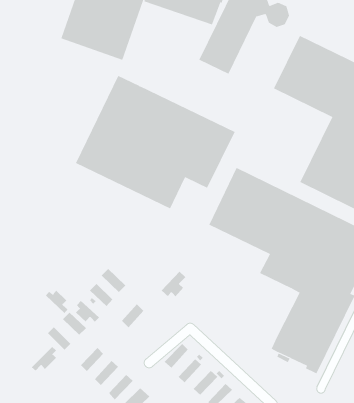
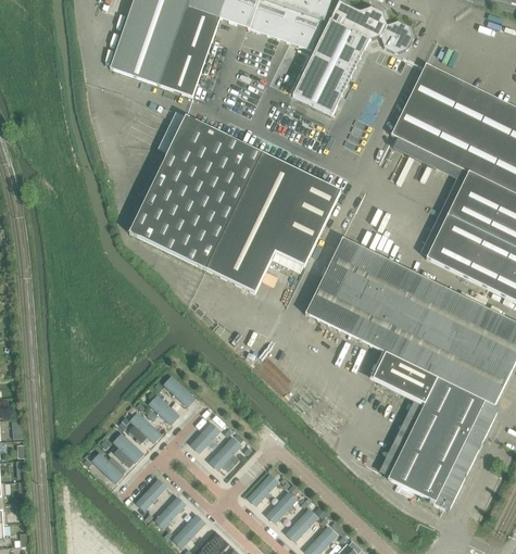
building: [161,271,186,297] -> [209,433,242,468]
building: [45,290,69,314] -> none
building: [31,346,57,371] -> none

